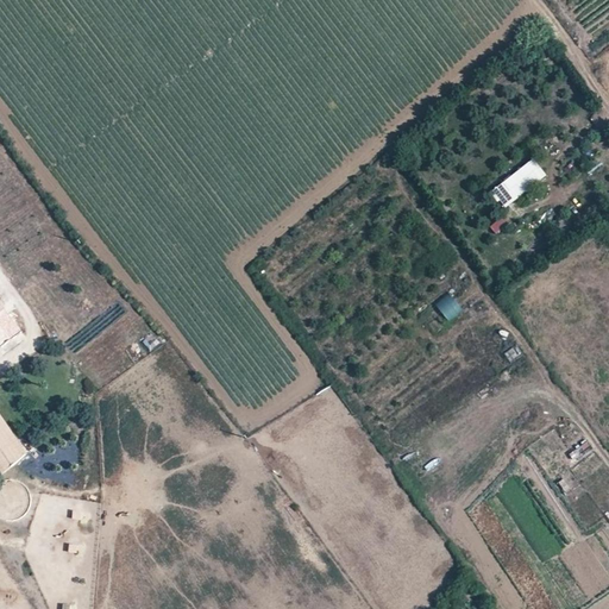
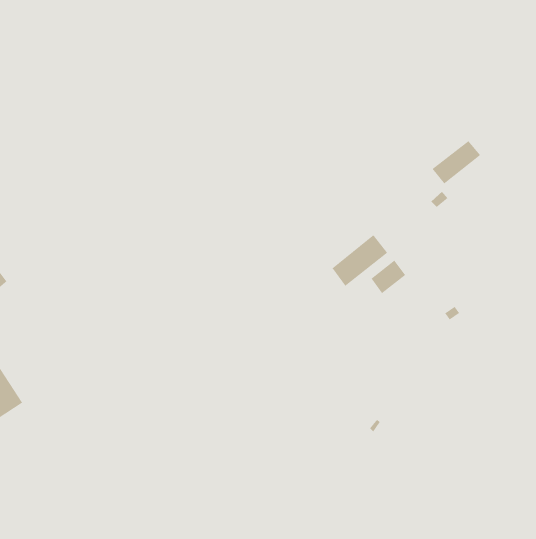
building: none -> [332,234,388,287]

